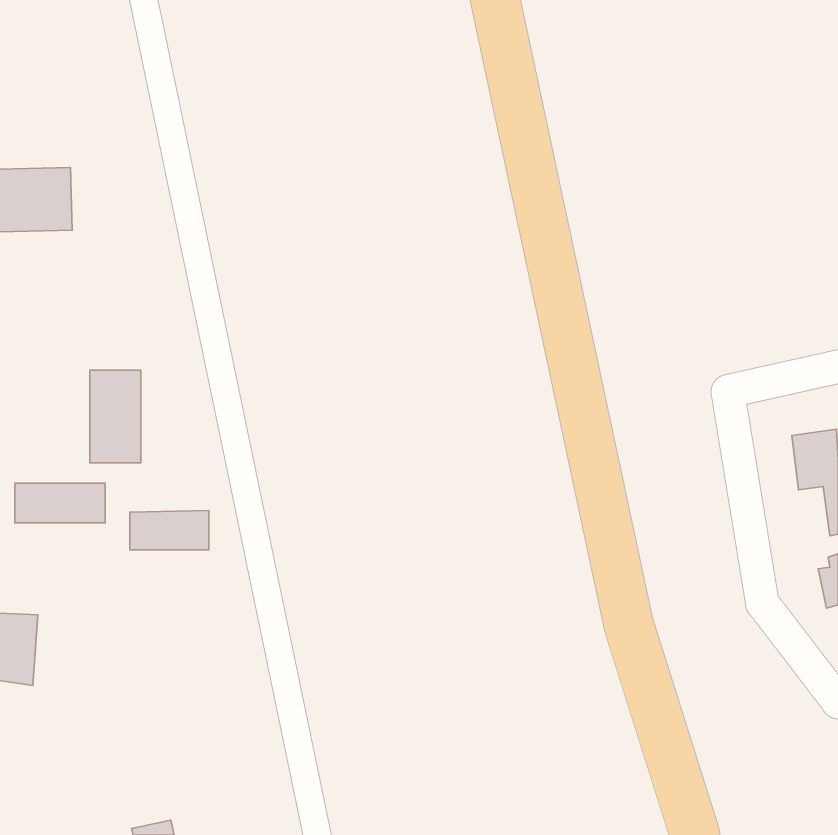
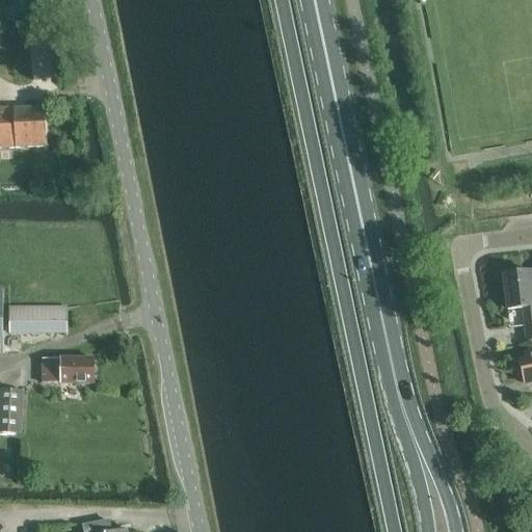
building: [90,370,141,463] -> none
building: [130,510,209,550] -> [43,356,92,381]

